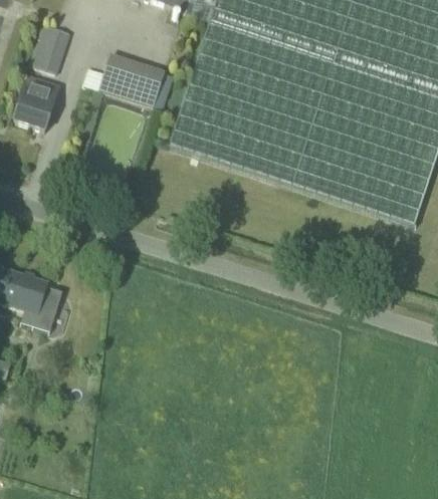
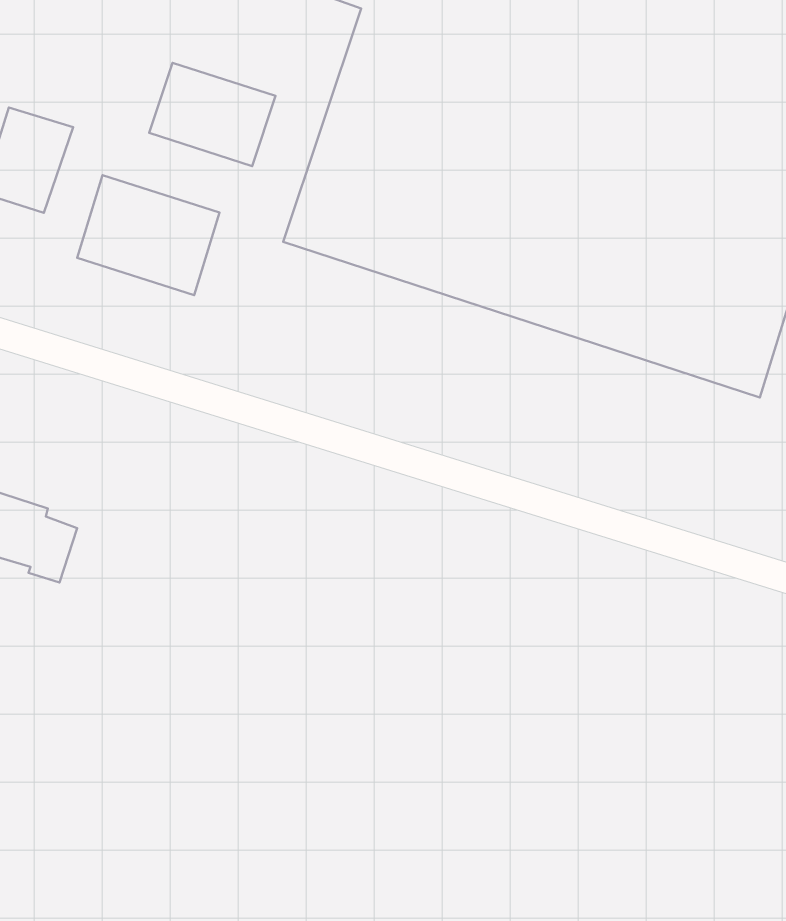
building: [29,25,71,75] -> none
building: none -> [77,175,220,295]

